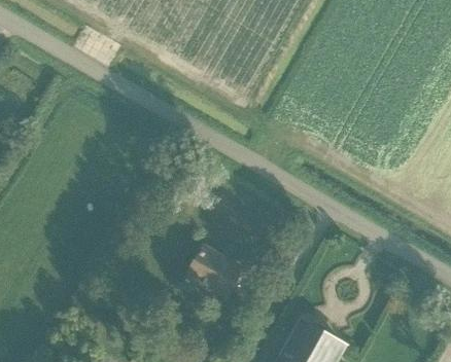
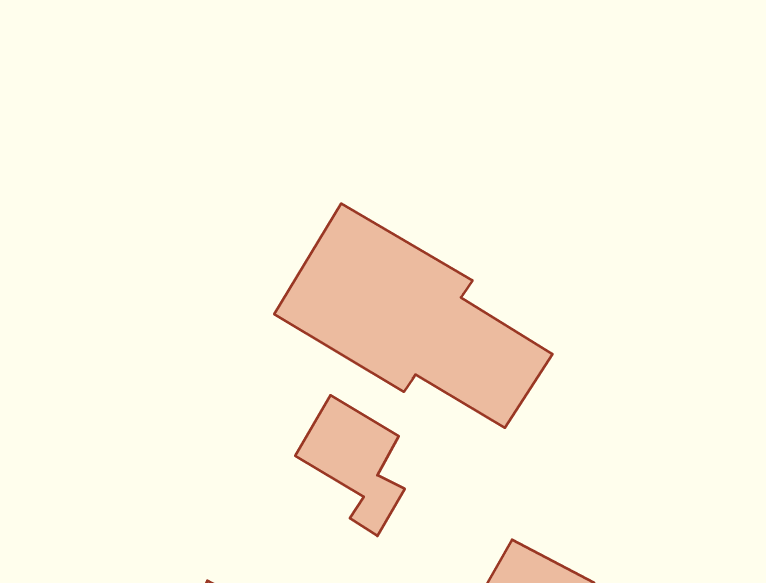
building: none -> [274,204,552,428]

